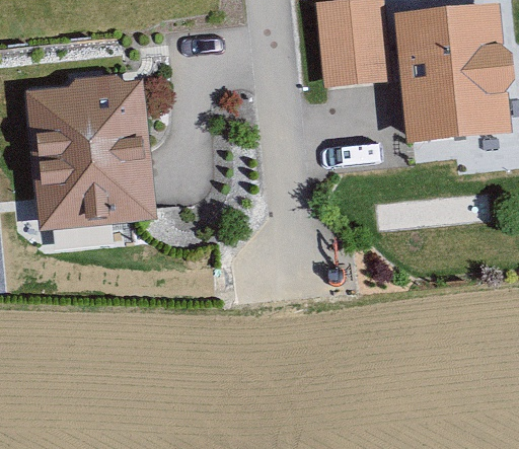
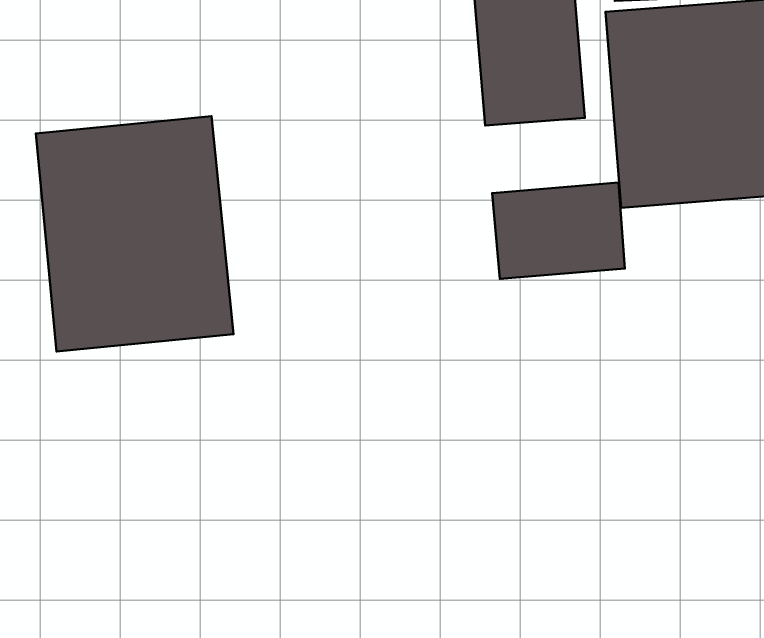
building: none -> [492,183,625,279]

